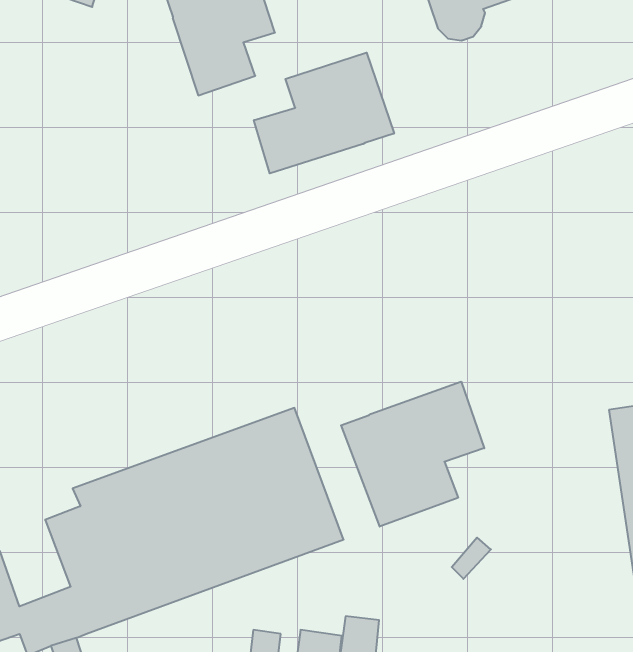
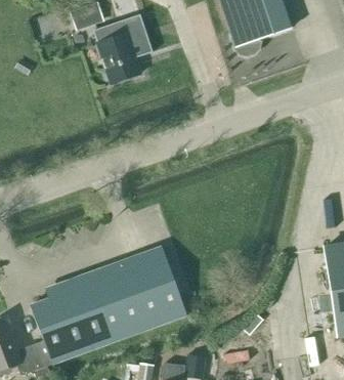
building: [254,53,394,173] -> none
building: [341,382,484,527] -> none

